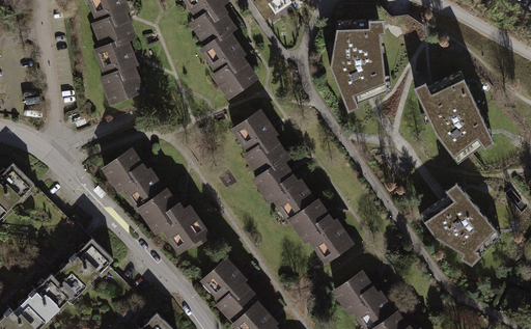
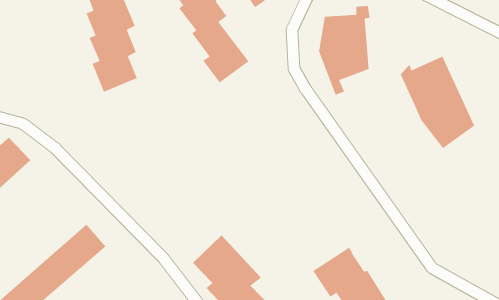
building: [224,106,351,263] -> none
building: [96,139,208,249] -> none
building: [420,184,501,268] -> none

